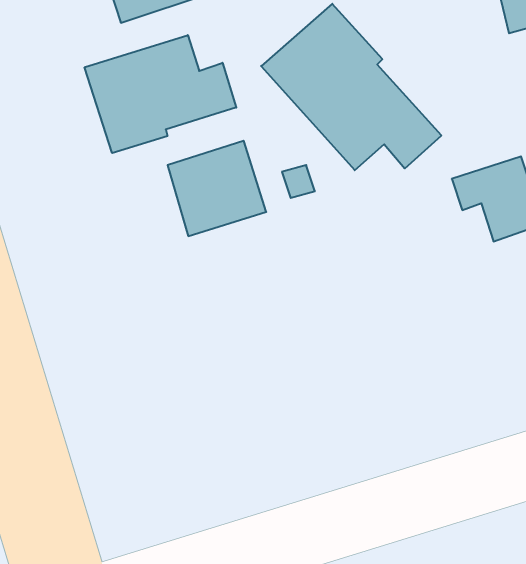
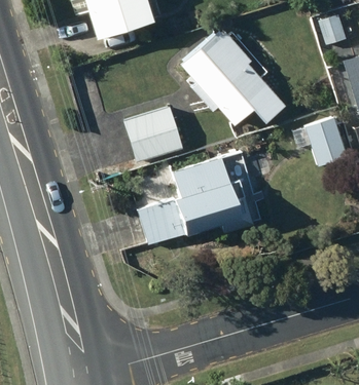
building: [85,35,236,153] -> none
building: none -> [139,156,253,242]

